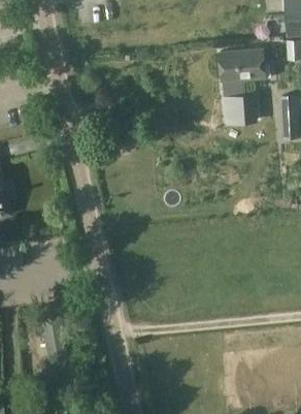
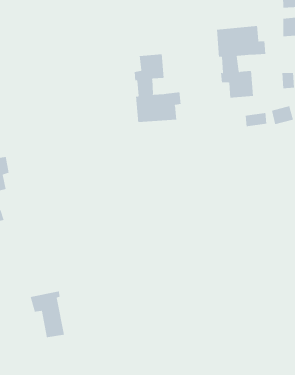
building: none -> [134,54,181,123]

